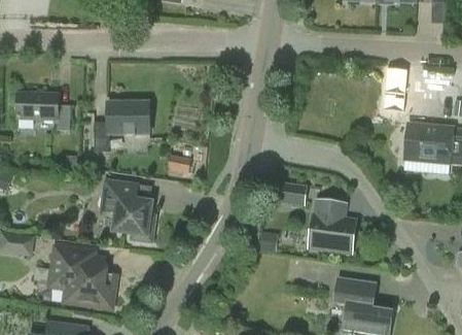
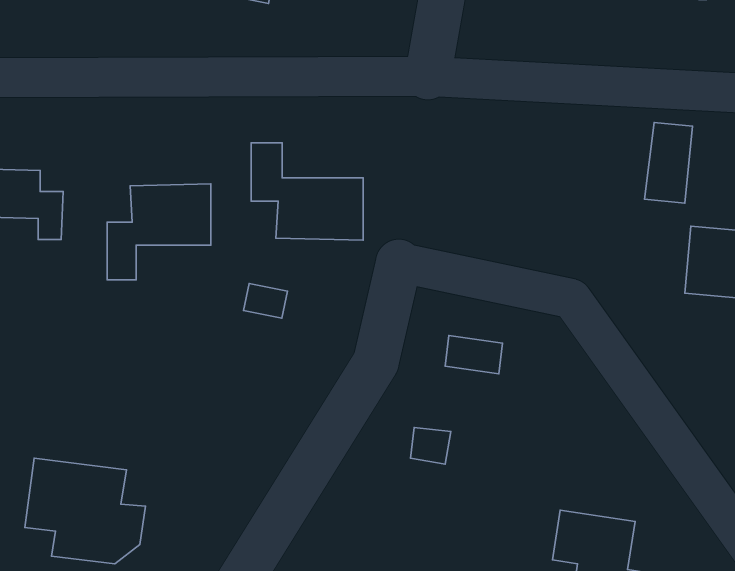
building: none -> [251,143,363,240]
building: [100,178,154,241] -> none
building: [309,198,355,252] -> none

